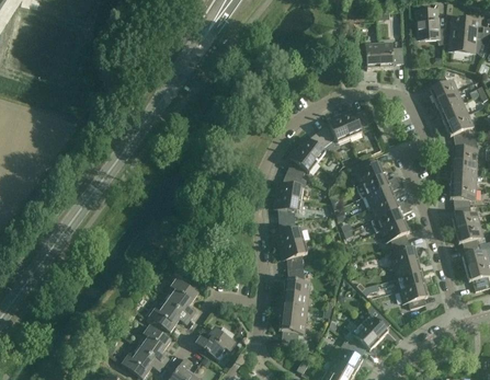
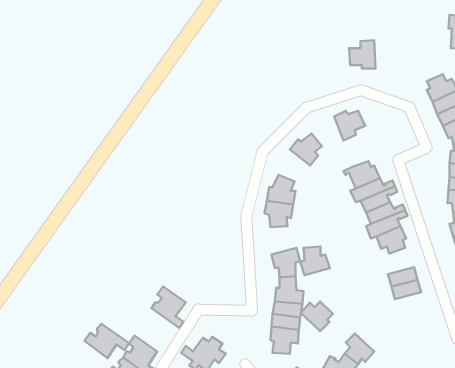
building: [417,10,445,43] -> none
building: [378,41,403,68] -> none
building: [318,114,349,142] -> none
building: [286,146,317,176] -> none
building: [275,219,304,246] -> [300,247,330,275]
building: [388,240,417,265] -> none
building: [398,283,426,308] -> none
building: [148,298,191,331] -> [85,324,129,358]
building: [360,311,390,339] -> [301,301,333,331]

